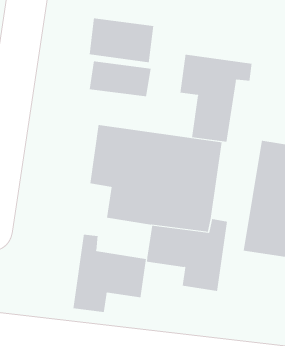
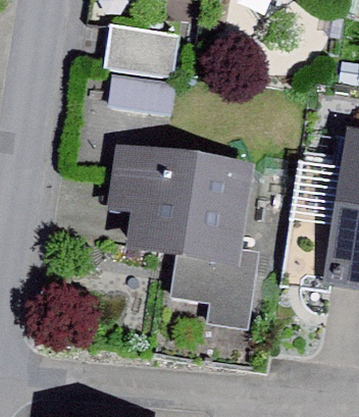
building: [180,54,252,143] -> none
building: [73,234,146,313] -> none

